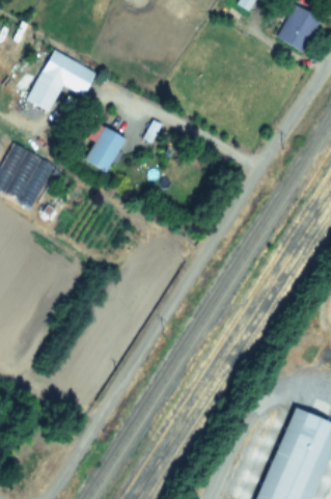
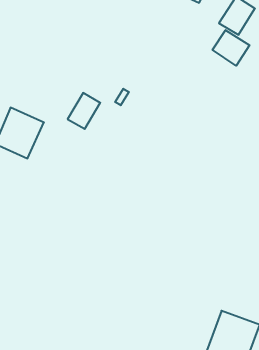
building: none -> [213,30,249,66]
building: [30,50,100,113] -> none

